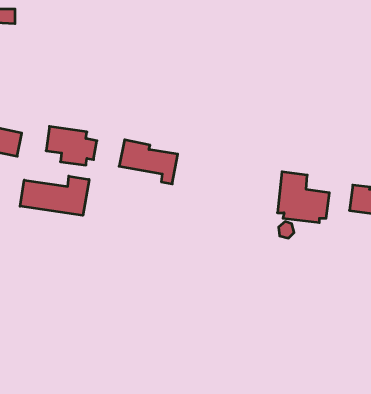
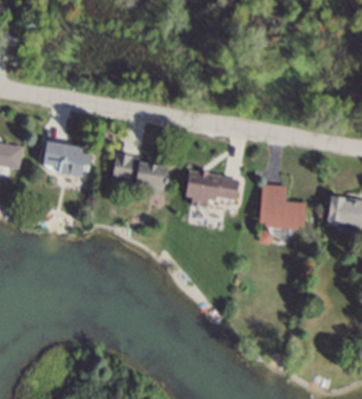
building: none -> [187,170,239,207]
building: [20,176,89,215] -> none

